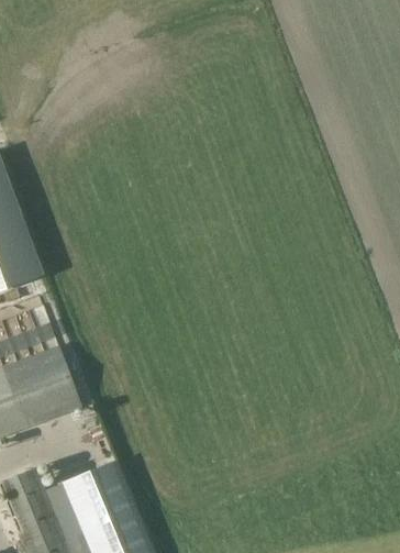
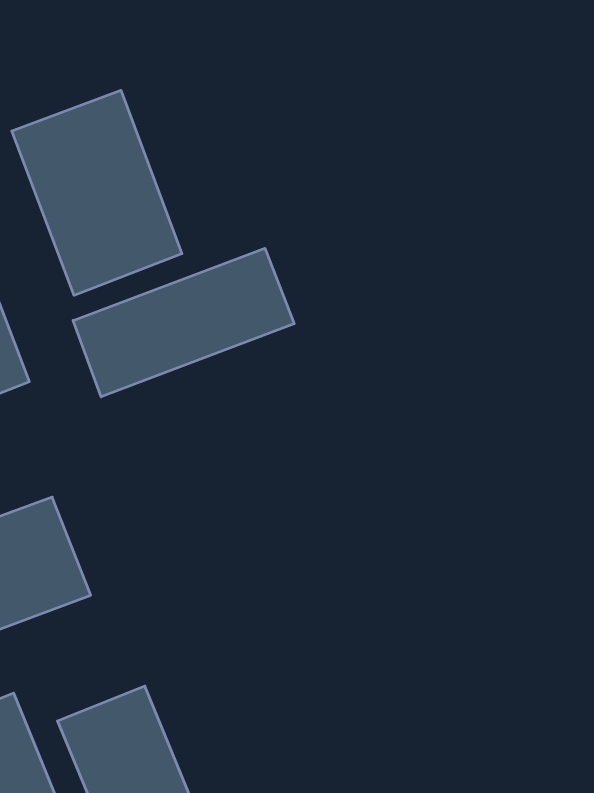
building: none -> [12,90,182,295]
building: none -> [73,248,294,397]

